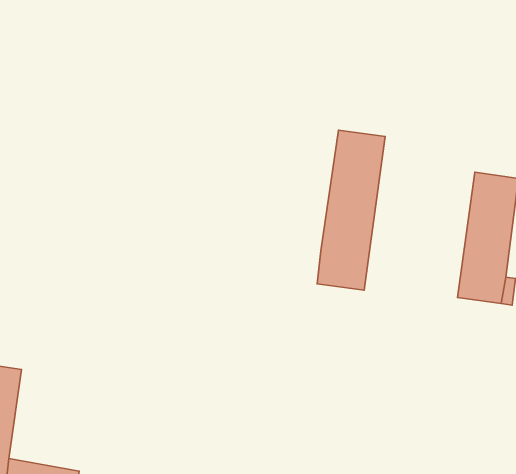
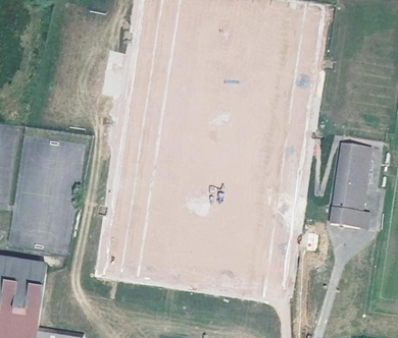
building: [317,130,385,290] -> none

